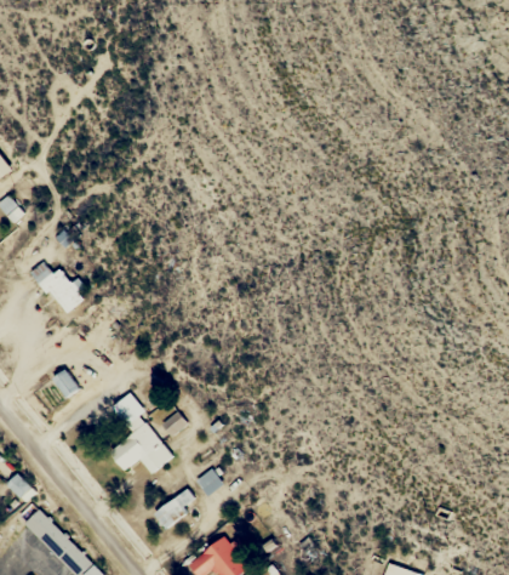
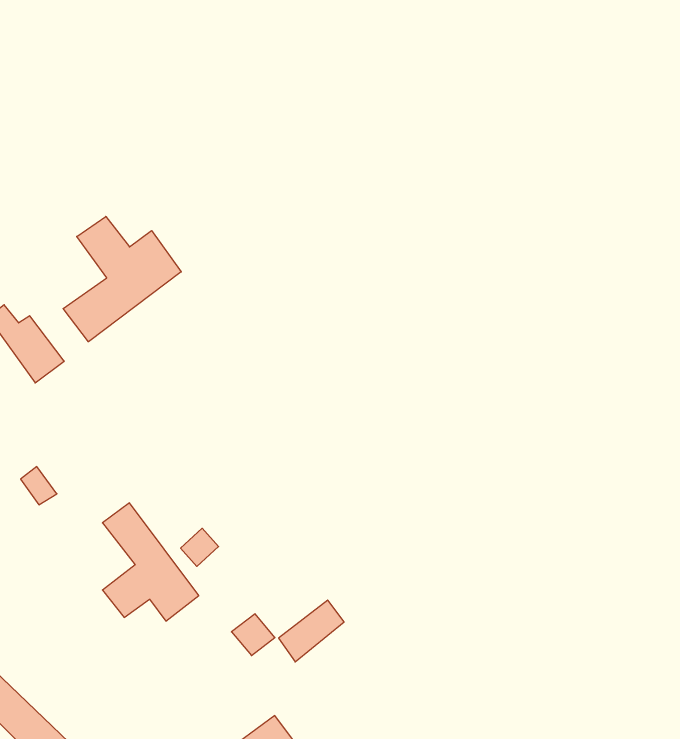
building: none -> [63,216,181,342]
building: [153,488,196,529] -> [279,600,344,662]

